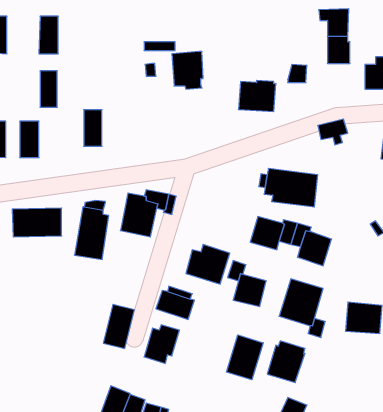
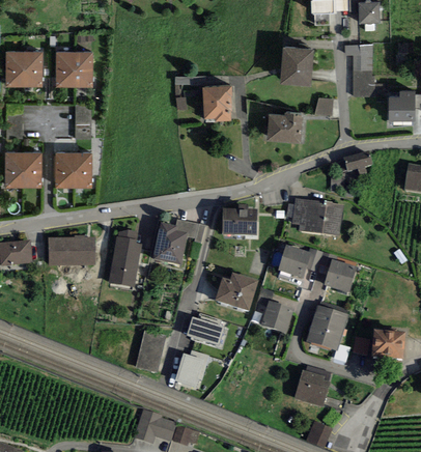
building: none -> [280,47,313,86]
building: none -> [56,51,75,87]
building: [84,110,102,146] -> [74,152,91,188]
building: none -> [222,207,257,234]
building: [227,335,263,380] -> none

